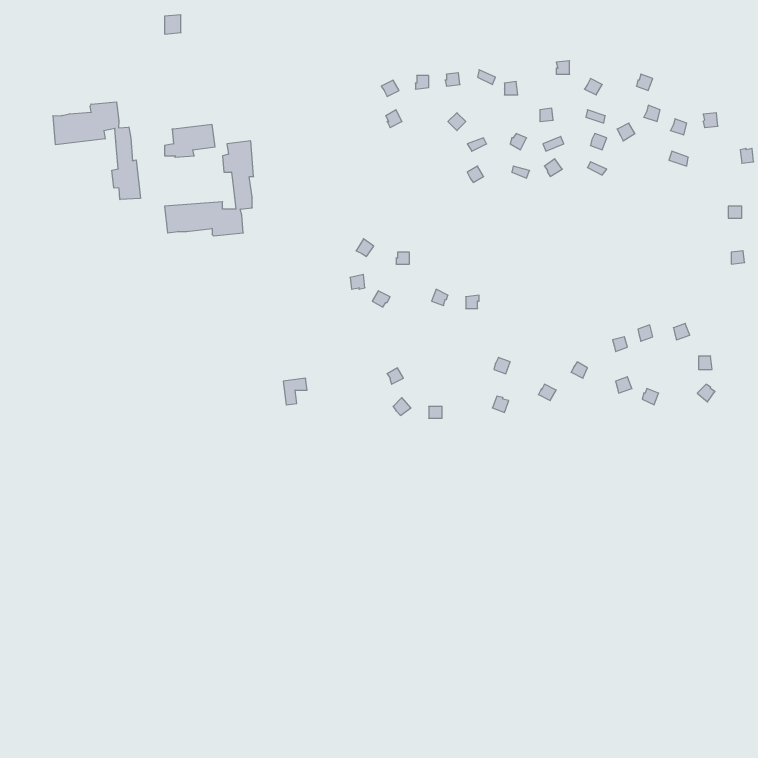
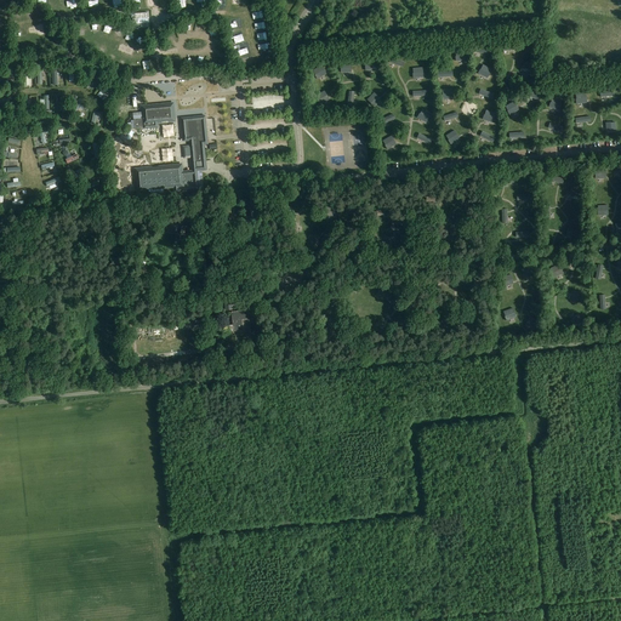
building: [53,102,140,200] -> none

